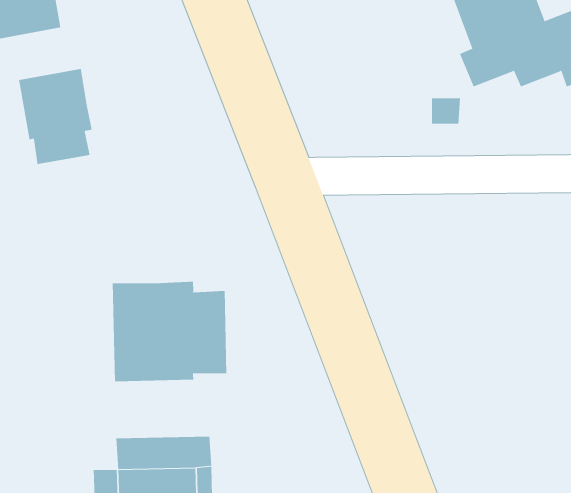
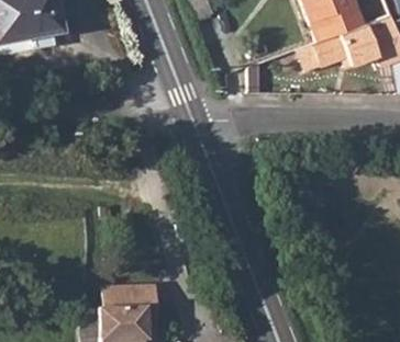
building: [19,68,92,165] -> none
building: [112,281,227,382] -> none

